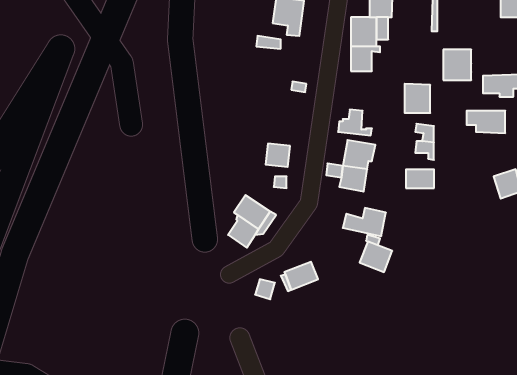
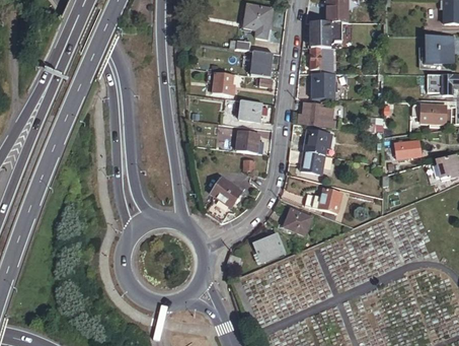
building: [443,50,471,80] -> [424,34,448,61]
building: none -> [250,50,274,76]
building: none -> [212,72,234,94]
building: [405,84,430,113] -> [312,71,334,96]
building: none -> [238,99,261,121]
building: [406,169,434,188] -> [396,141,420,157]
building: [360,242,392,272] -> [283,207,311,233]

